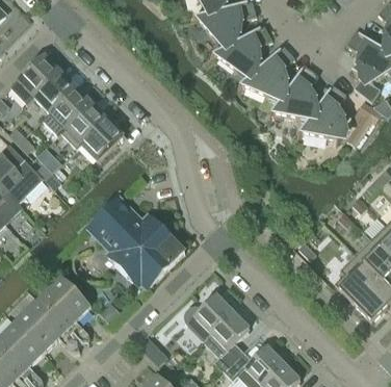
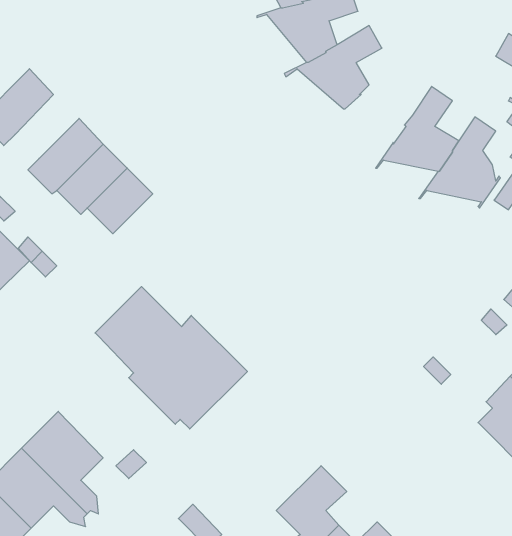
building: [236,46,294,102] -> none
building: [33,70,75,111] -> none
building: [183,294,232,340] -> none

